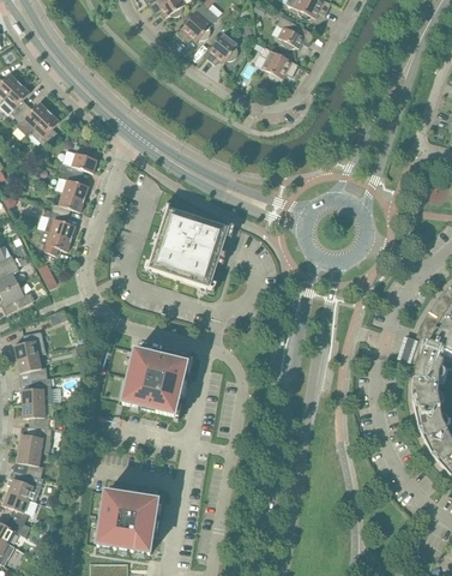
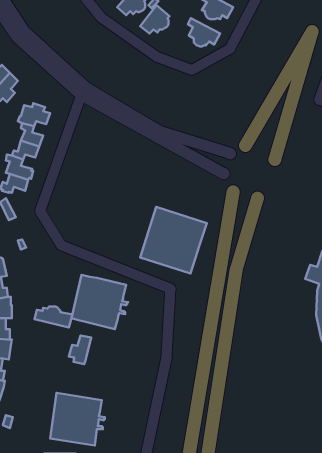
building: [149,208,228,287] -> [140,207,207,274]
building: none -> [35,306,72,327]
building: none -> [69,335,91,364]

